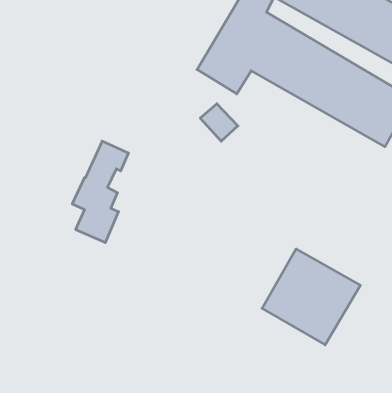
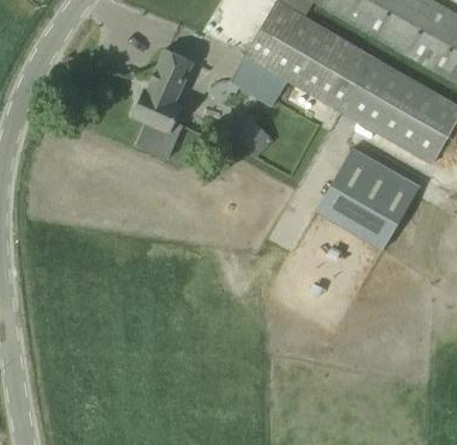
building: [72,141,129,243] -> [132,49,193,159]
building: [262,249,360,345] -> [321,146,427,250]

